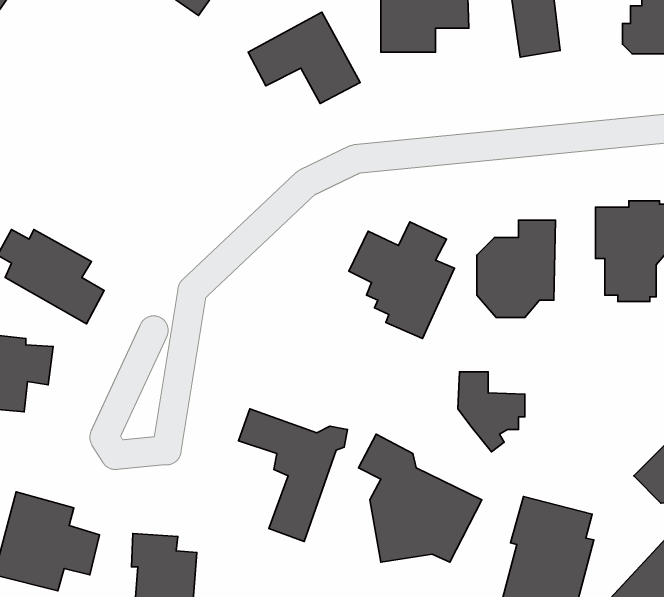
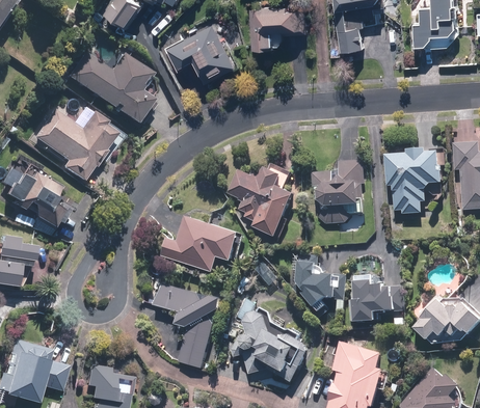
building: none -> [63,50,154,125]
building: none -> [30,106,117,186]
building: none -> [158,215,243,281]
building: none -> [349,274,394,321]

